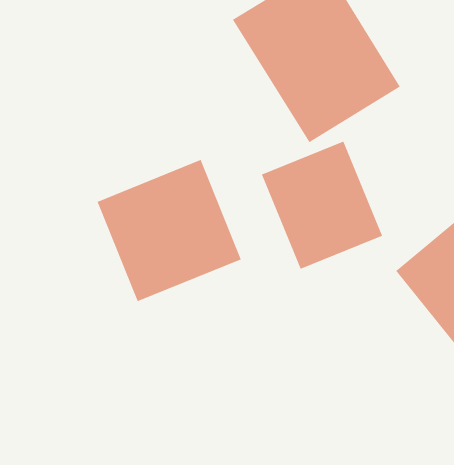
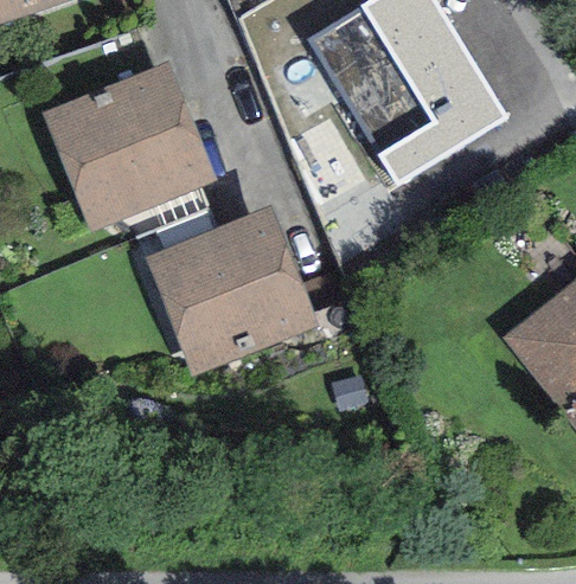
building: none -> [43,59,217,230]
building: [261,140,383,270] -> none

